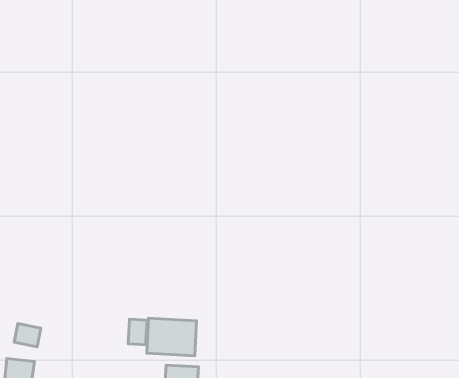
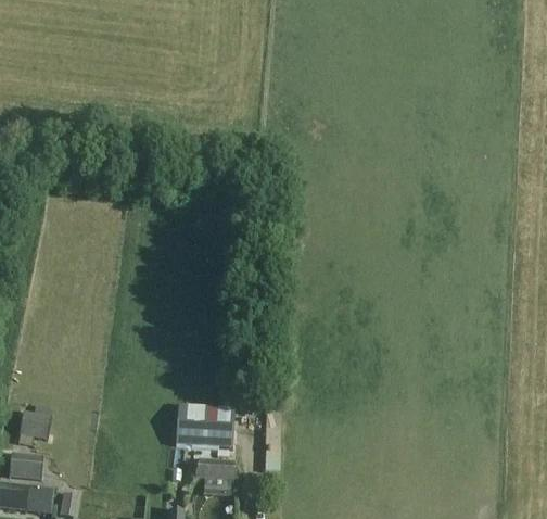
building: [128,319,147,345] -> none

